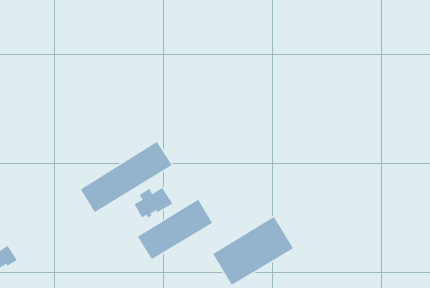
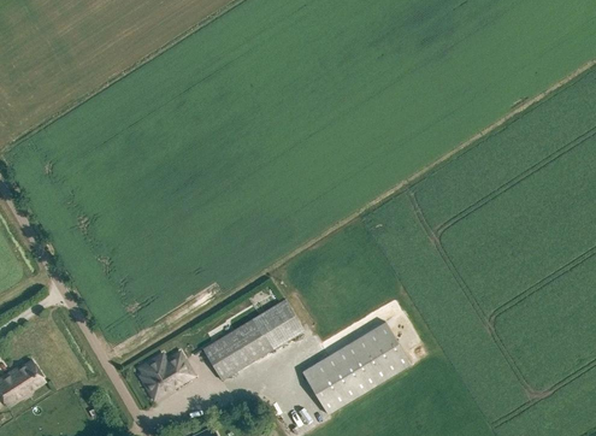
building: [80,141,173,213] -> none
building: [133,187,173,218] -> [140,352,193,394]

